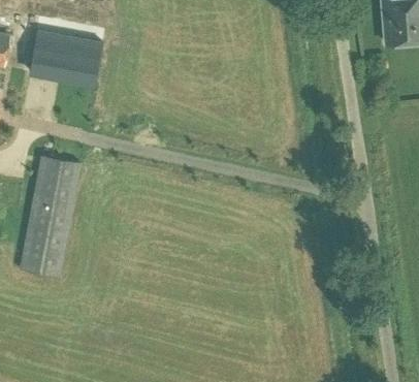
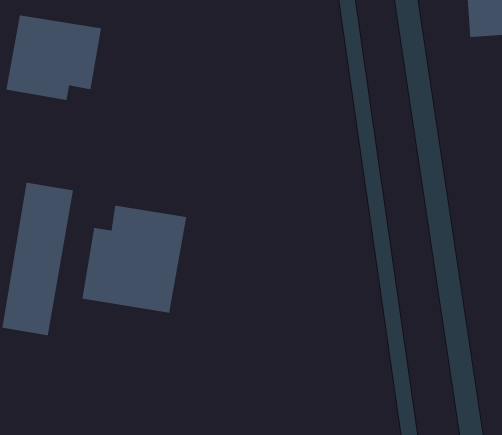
building: none -> [82,205,187,313]

